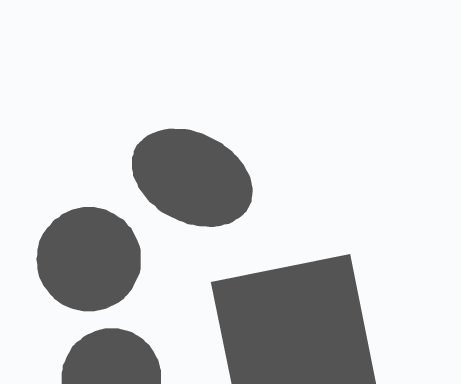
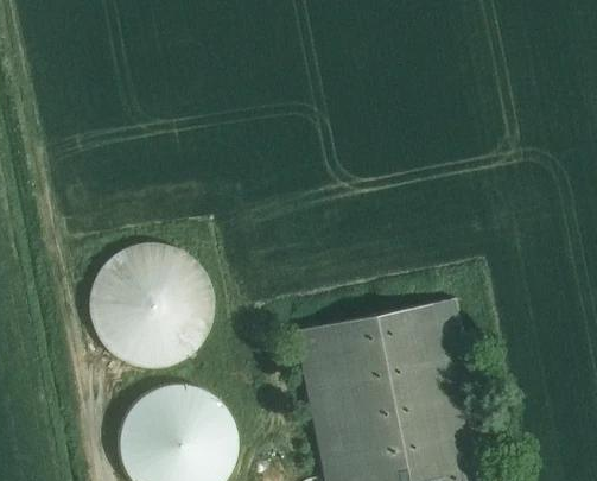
building: [131,128,254,228] -> none

